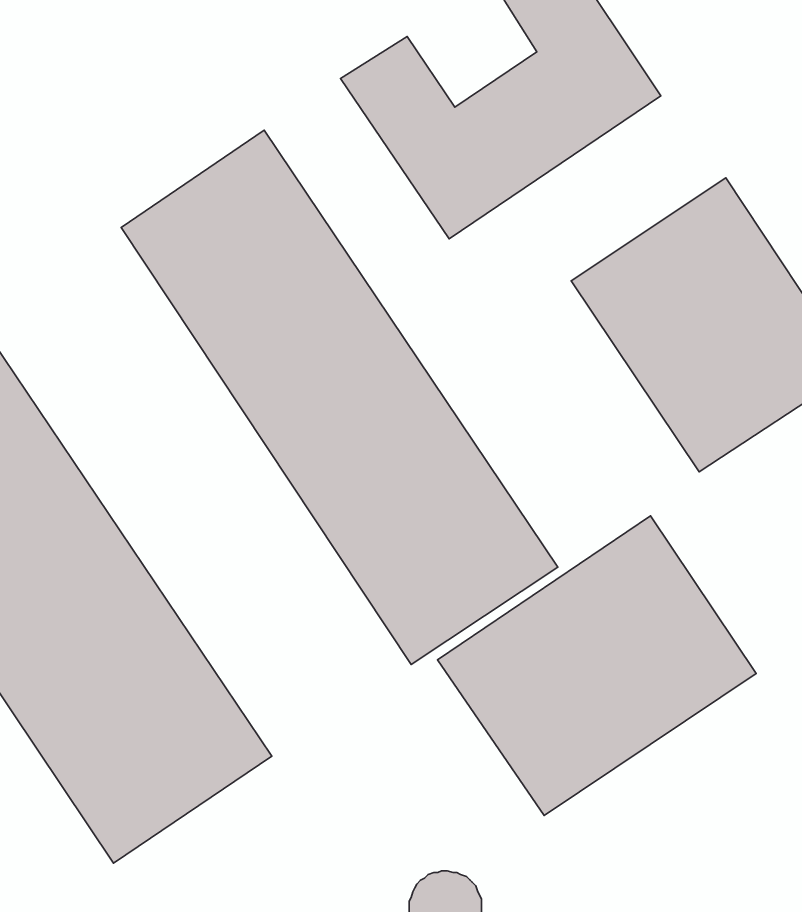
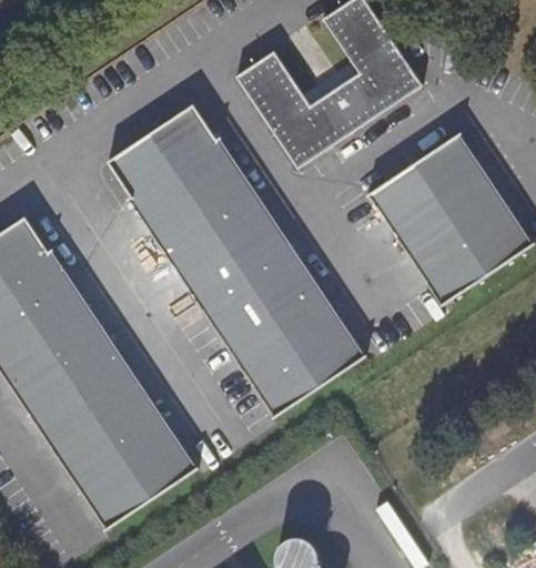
building: [437,516,756,816] -> none

